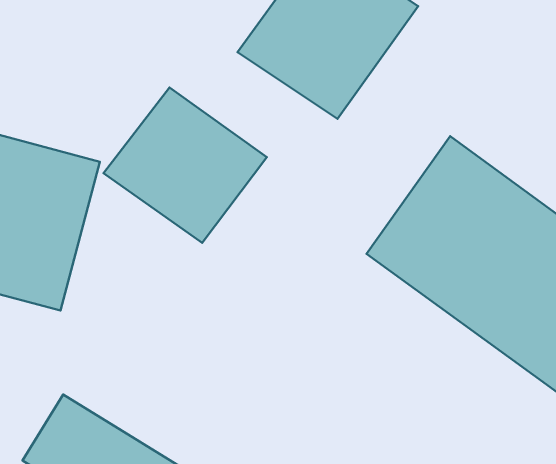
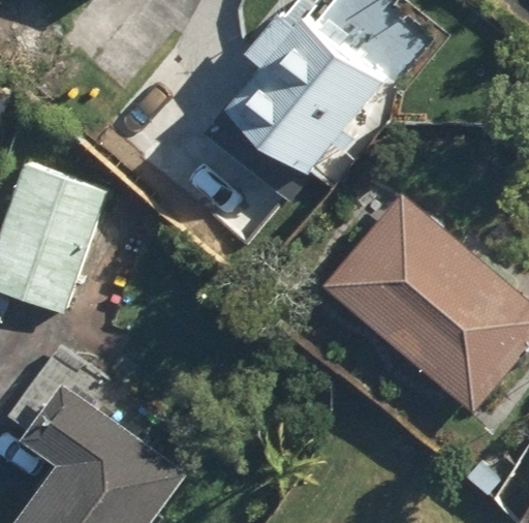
building: [104,87,267,243] -> none

